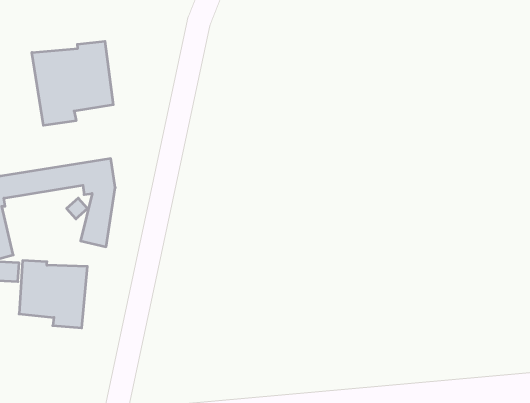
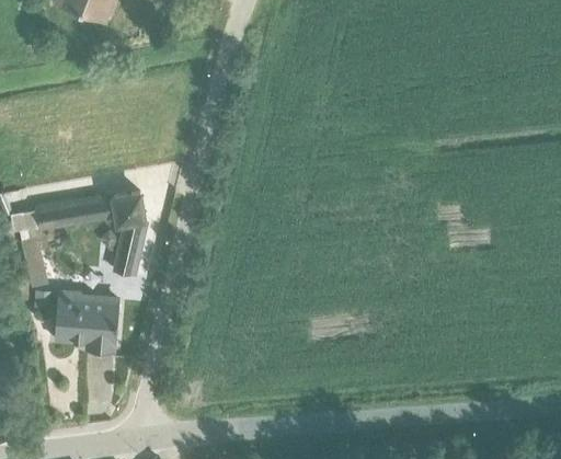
building: [32,41,113,125] -> none

